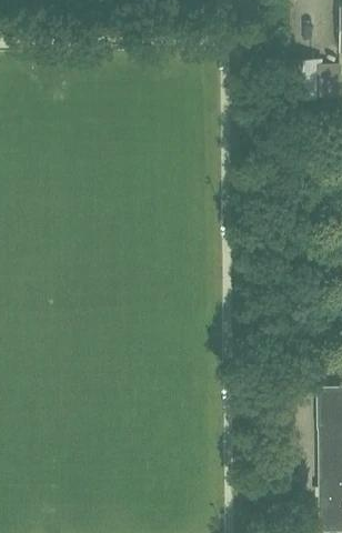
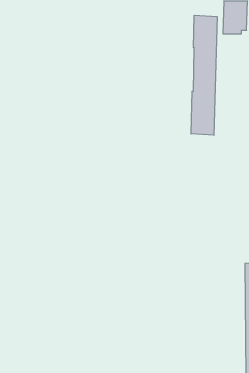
building: none -> [191,15,217,135]

